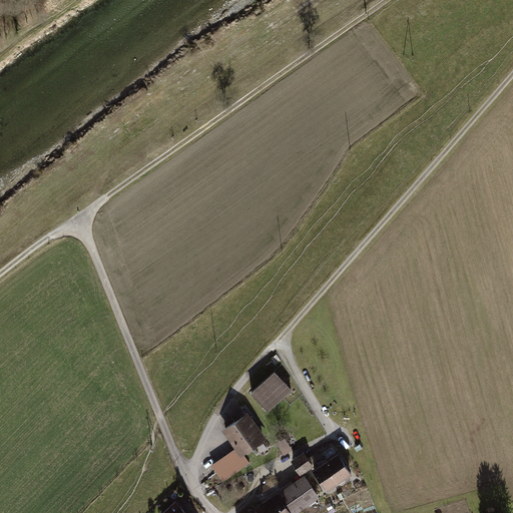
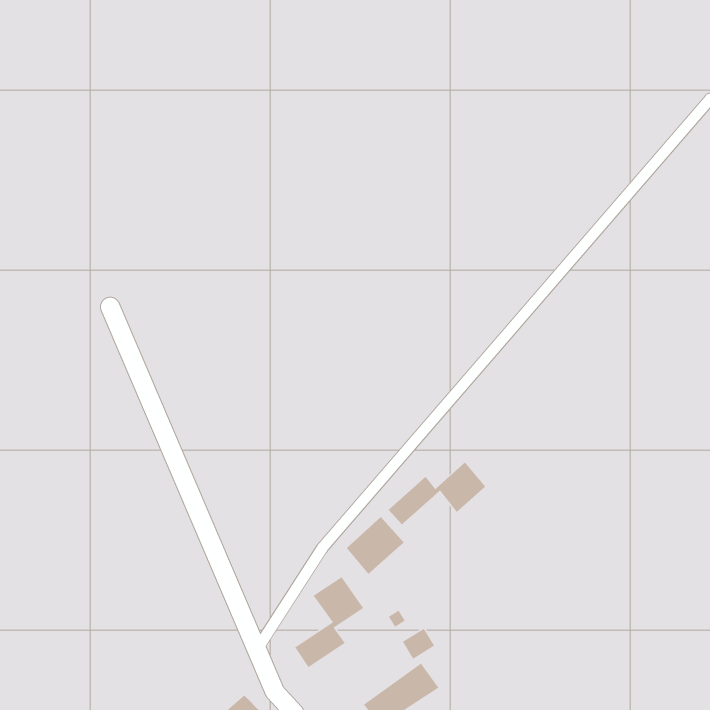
building: none -> [388,462,486,525]
building: [313,455,354,494] -> none

